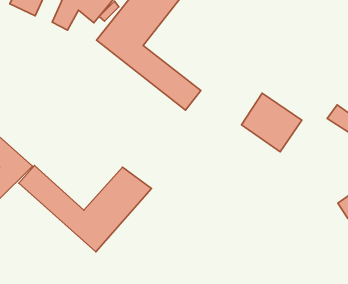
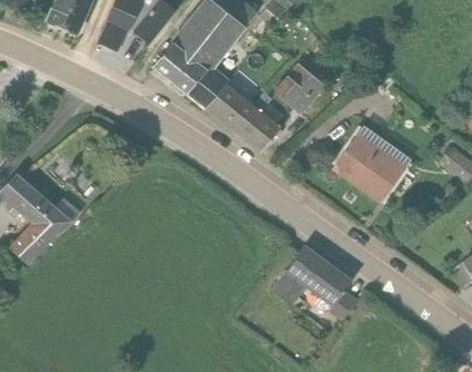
building: none -> [271,56,332,111]
building: [19,166,151,252] -> none
building: none -> [269,244,353,306]

